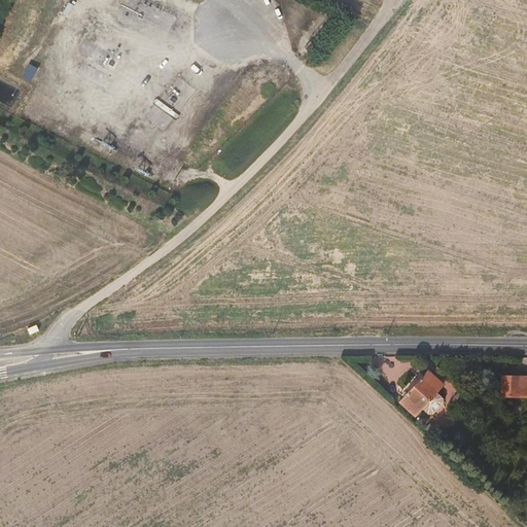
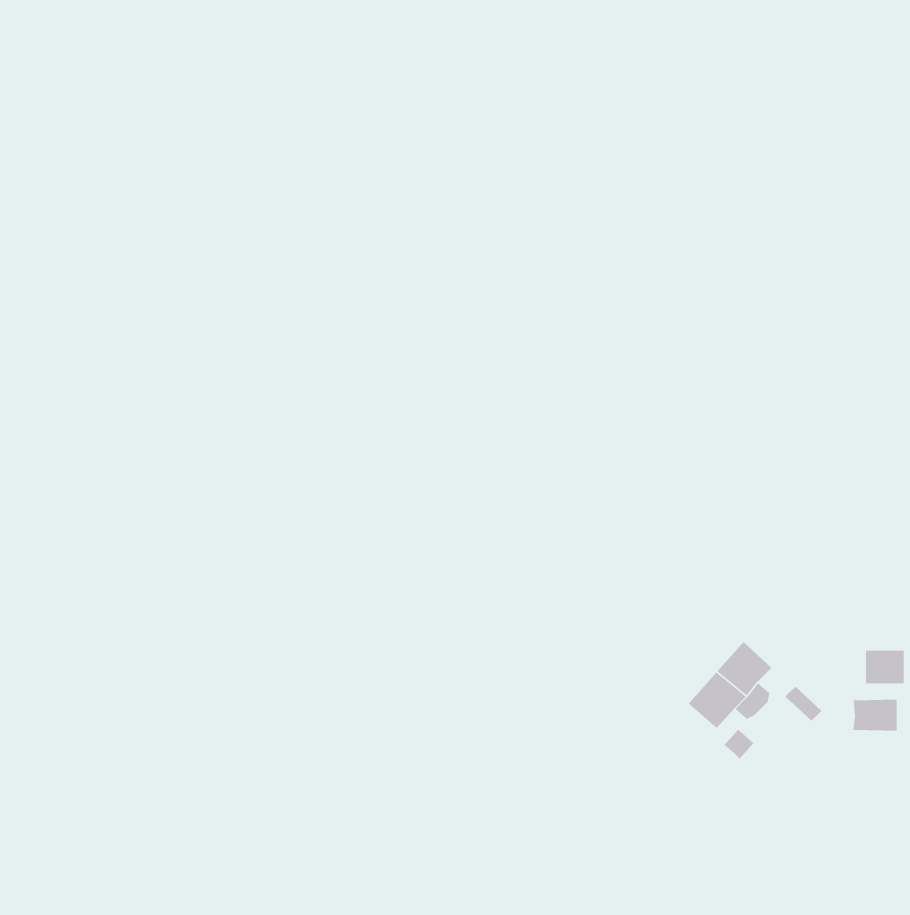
building: none -> [853,699,897,732]

